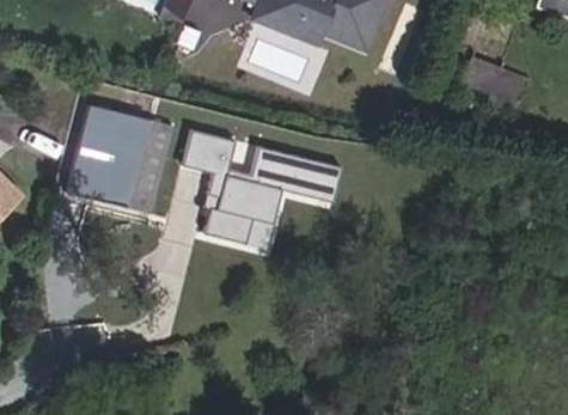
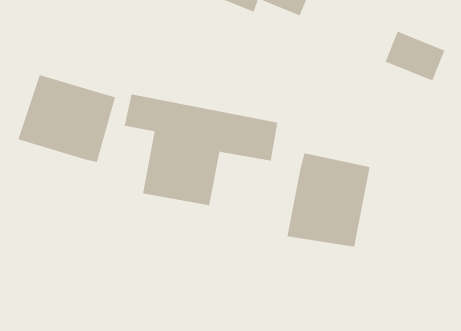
building: none -> [287,153,370,247]

